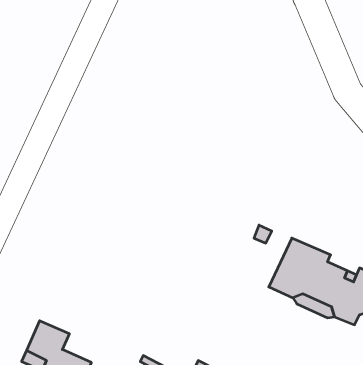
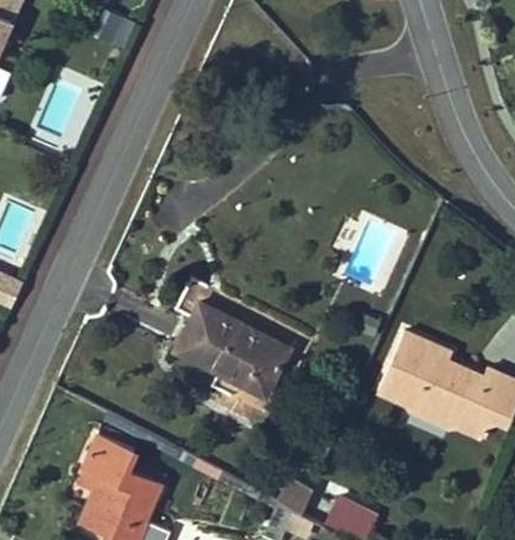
building: none -> [175,302,290,395]

